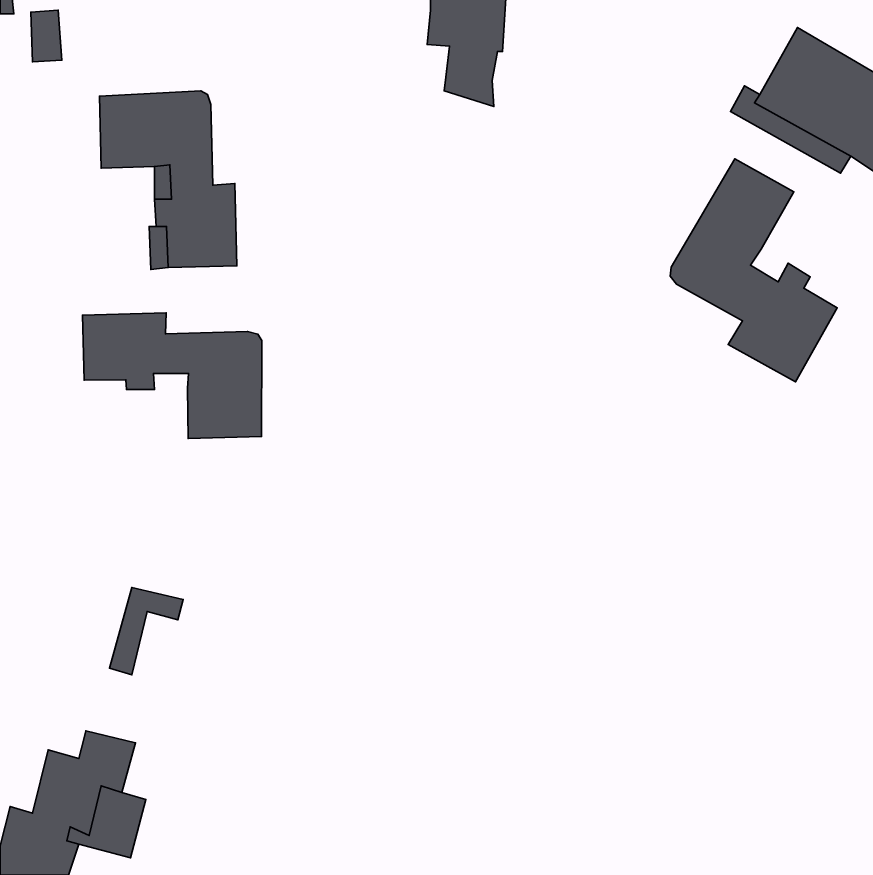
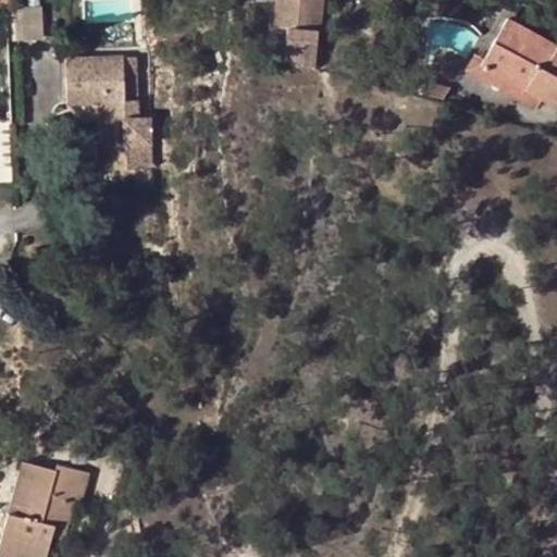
building: [670,159,837,382] -> none
building: [82,313,262,438] -> none
building: [109,587,183,675] -> [9,460,55,516]

